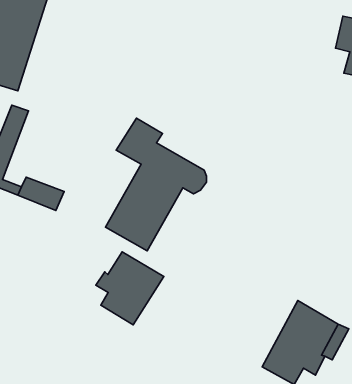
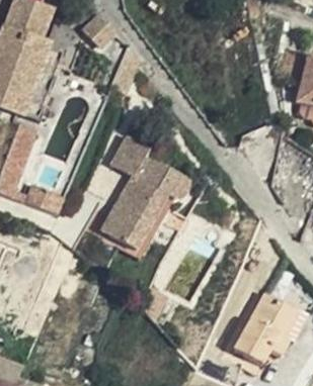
building: [96,252,164,325] -> none

